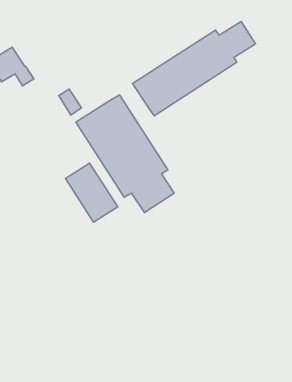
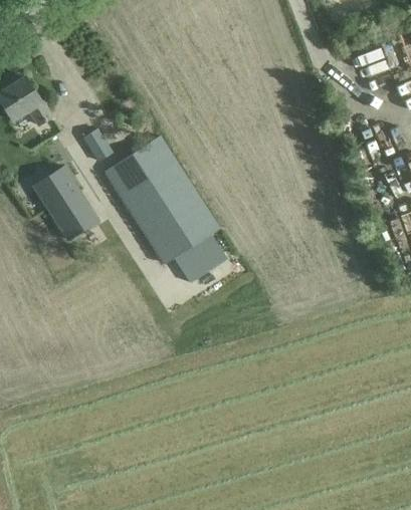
building: [132,21,255,116] -> none
building: [65,163,118,222] -> [33,166,98,239]

